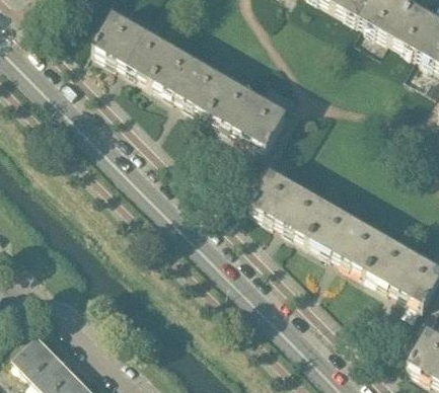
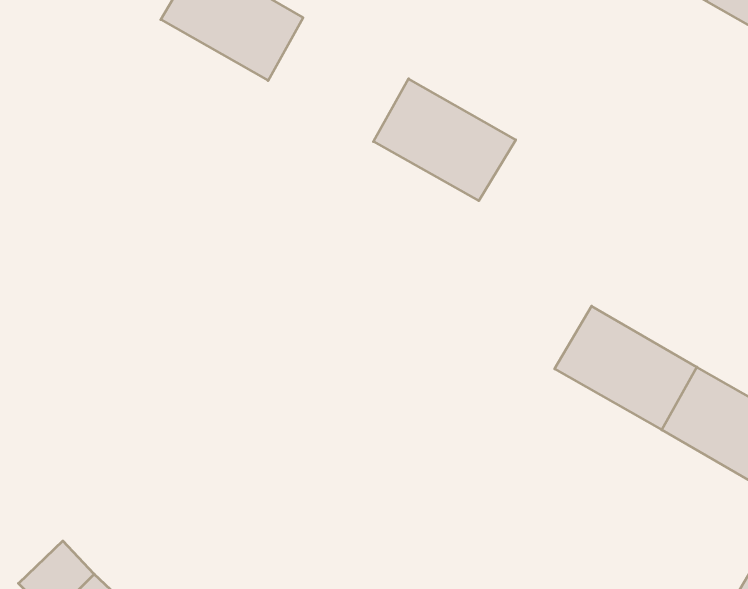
building: [151,45,228,112] -> none
building: [250,169,328,237] -> none

